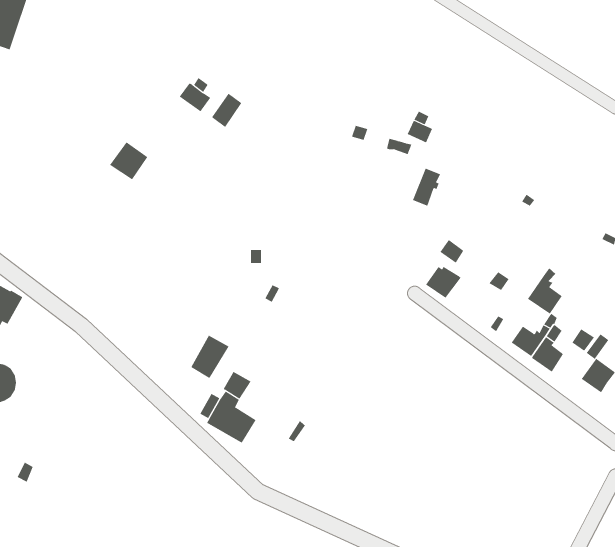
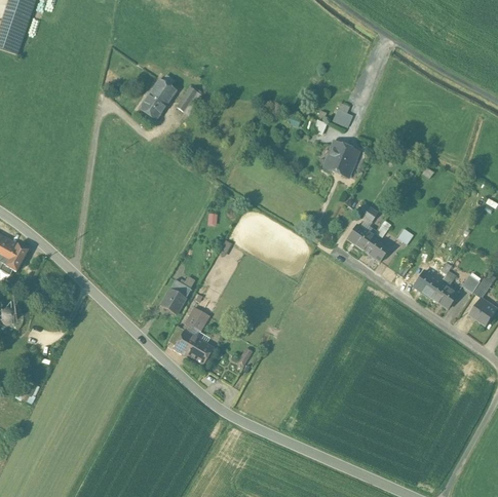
building: [109,141,148,180] -> [138,89,168,120]
building: none -> [322,139,346,171]
building: [527,267,563,315] -> none
building: none -> [362,225,389,261]

